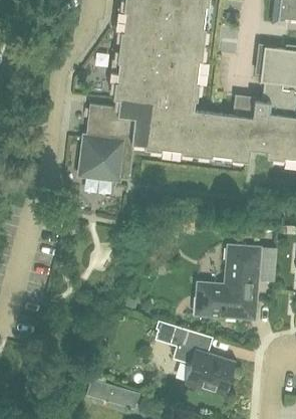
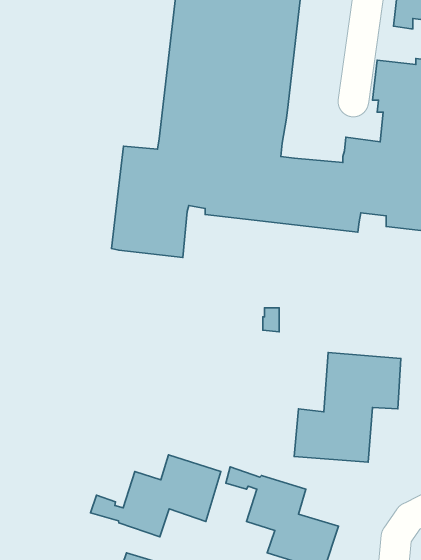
building: none -> [90,455,221,537]

